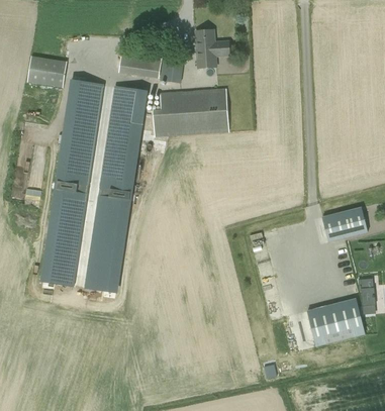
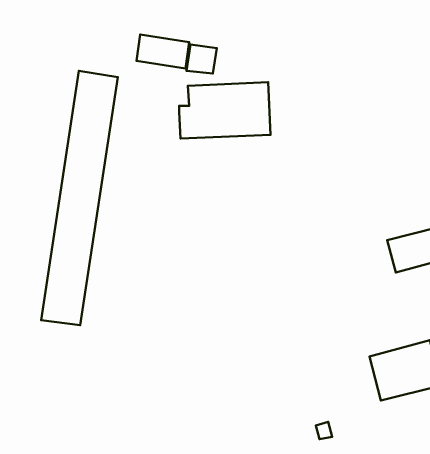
building: [195,28,229,67] -> none
building: [27,56,73,87] -> none
building: [85,86,146,292] -> none

